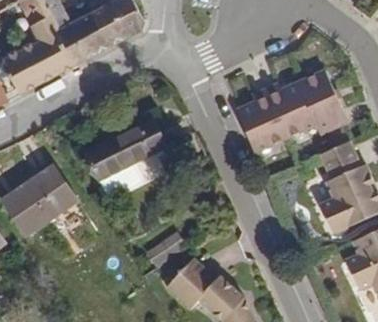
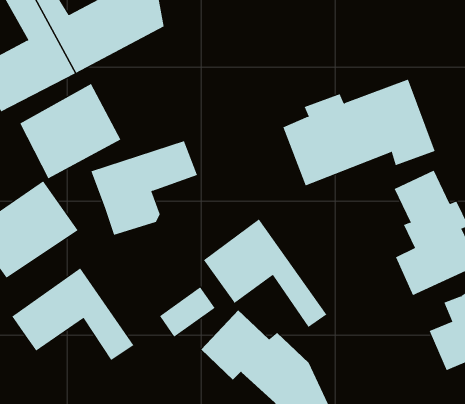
building: none -> [20,83,121,179]
building: none -> [203,218,327,328]
building: none -> [11,267,134,361]

